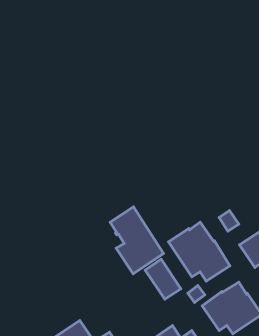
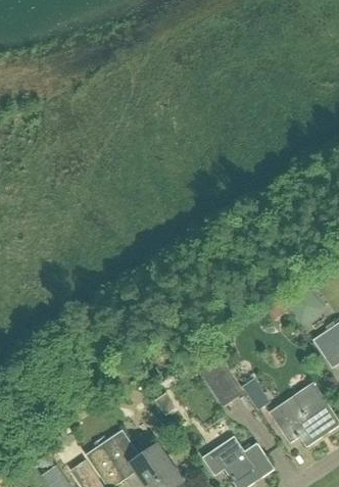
building: [110,207,163,274] -> none
building: [169,222,230,281] -> none

